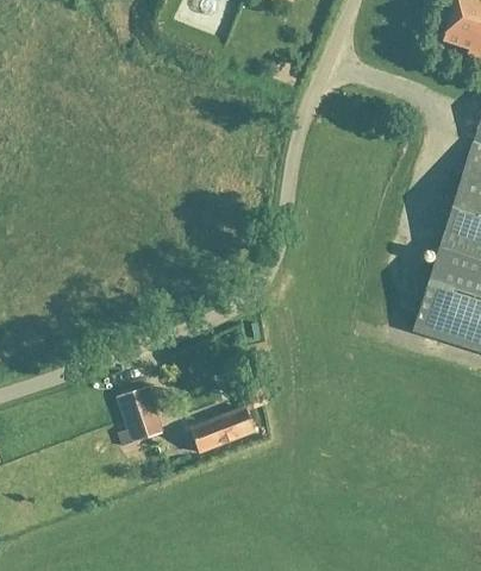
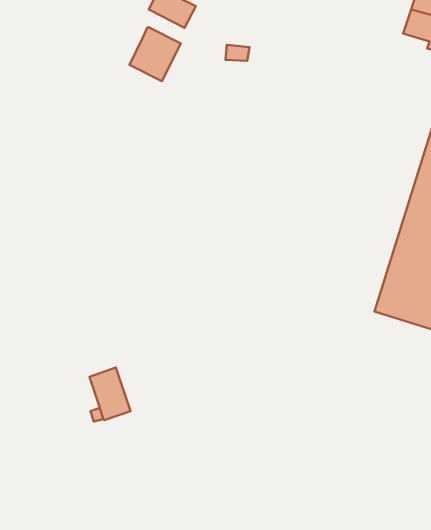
building: none -> [130,27,181,81]
building: [192,406,256,451] -> none

